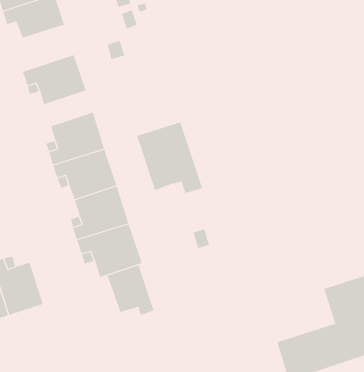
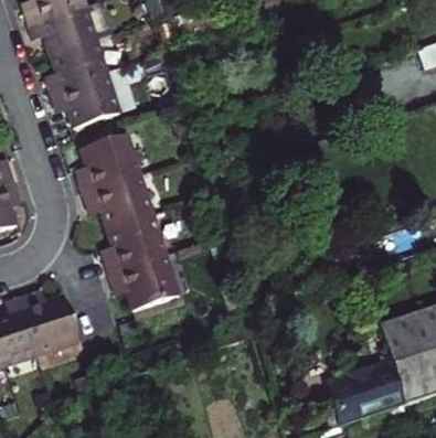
building: none -> [45,40,107,90]
building: [137,121,203,194] -> none
building: [107,265,154,316] -> none

